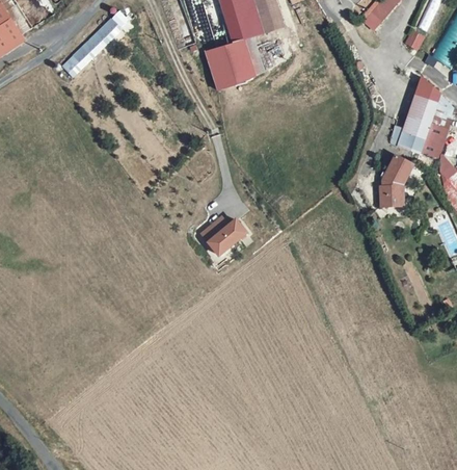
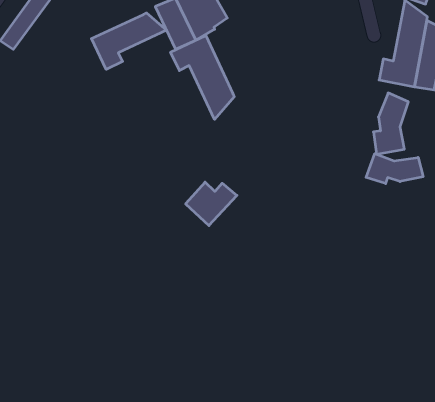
building: none -> [91,13,167,69]
building: none -> [171,35,234,119]
building: none -> [366,154,423,184]

